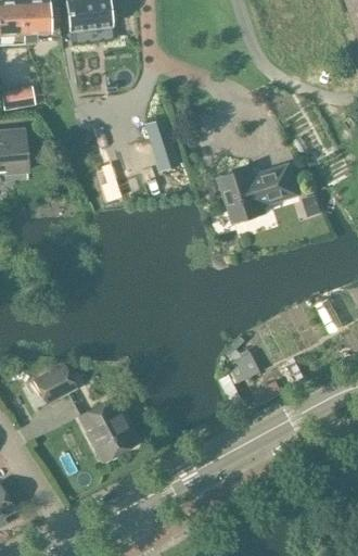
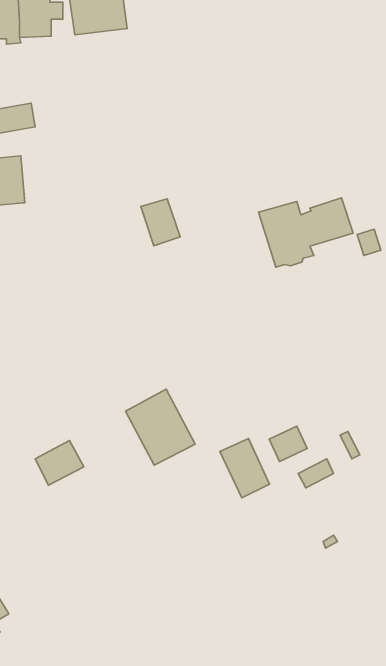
building: [146,134,179,173] -> [141,199,180,246]
building: none -> [220,439,270,498]
building: [78,399,136,462] -> [125,389,195,465]

